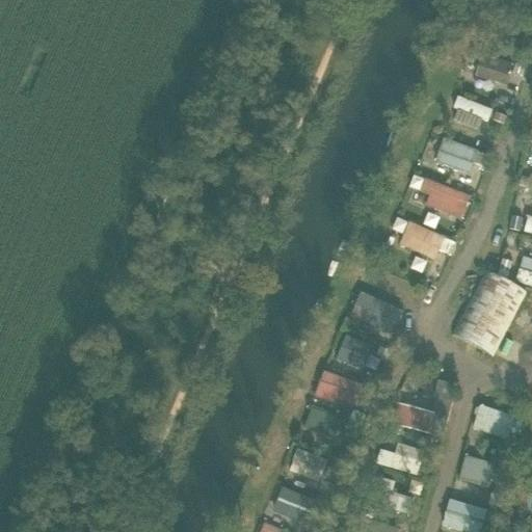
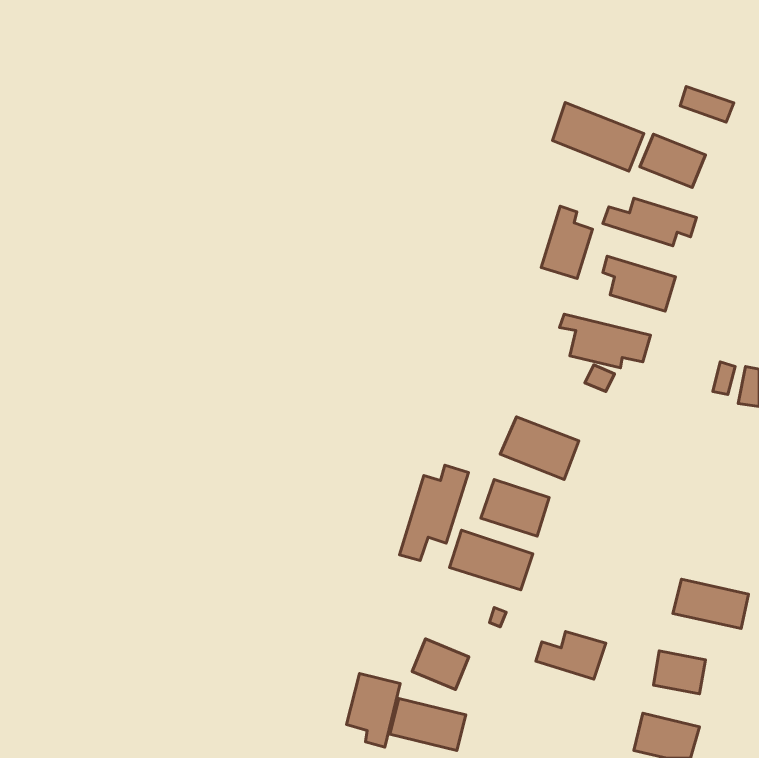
building: none -> [553,103,644,171]
building: none -> [541,206,592,278]
building: [452,270,526,354] -> none
building: none -> [400,465,469,561]
building: [399,377,454,434] -> none
building: none -> [347,673,400,747]

